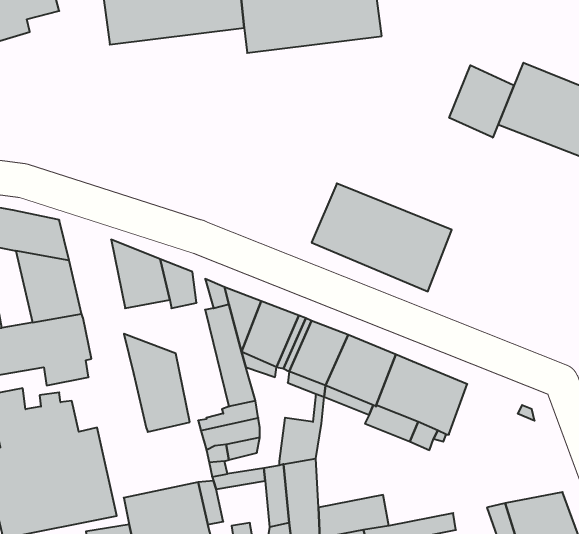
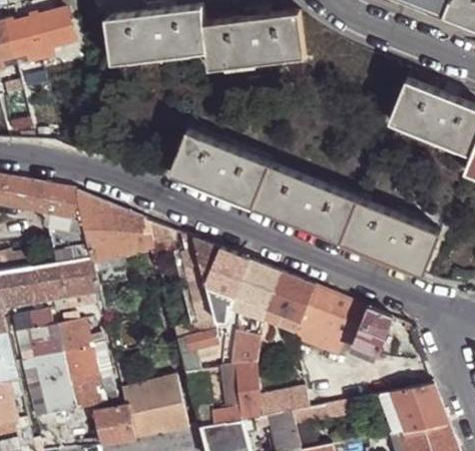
building: [449,65,514,138] -> none
building: none -> [169,129,273,206]
building: none -> [338,197,440,276]
building: [124,334,190,432] -> [74,190,121,261]
building: none -> [353,308,392,356]

